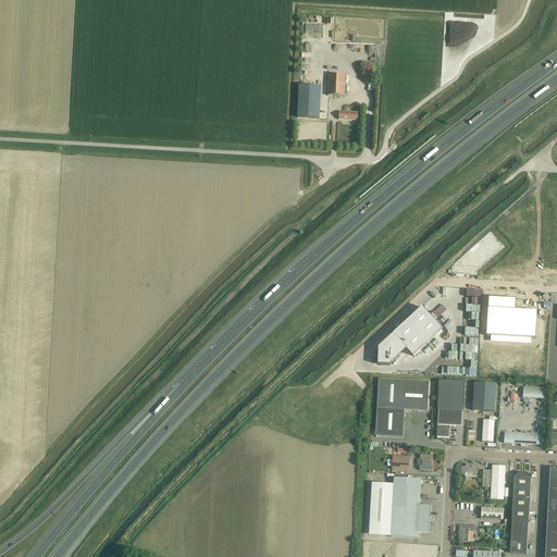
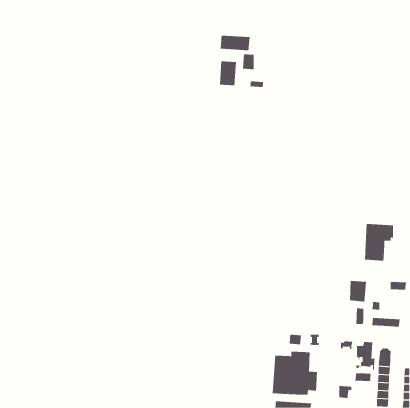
building: none -> [220,35,250,51]
building: [379,306,443,362] -> none
building: [373,377,430,436] -> none
building: [437,379,466,436] -> none

